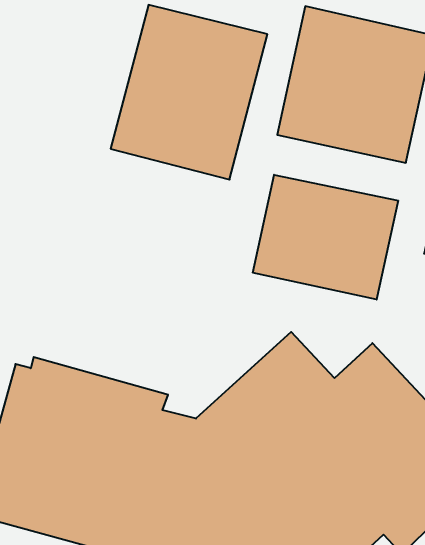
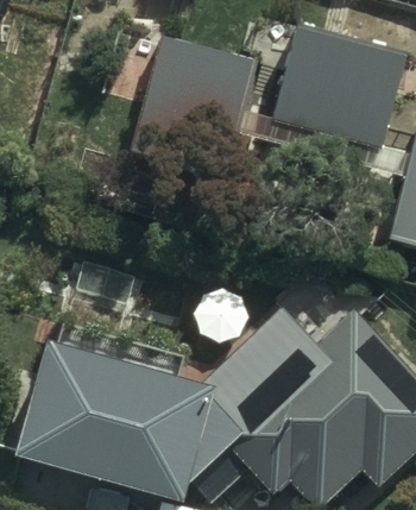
building: [253,175,398,300] -> none

